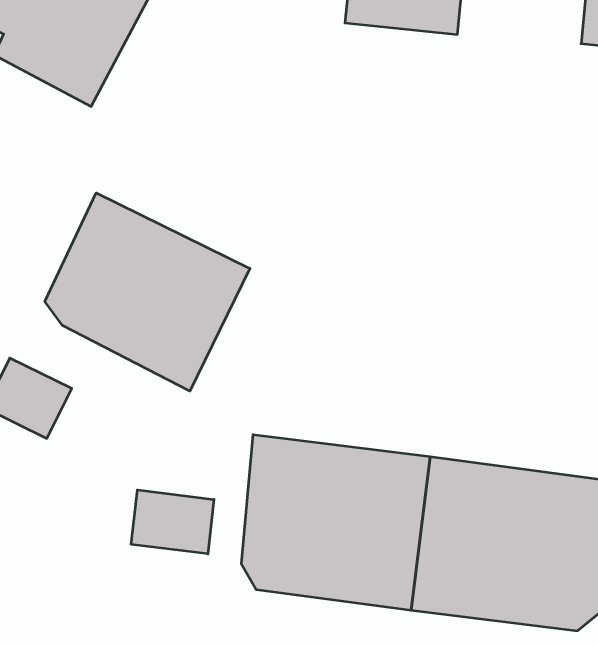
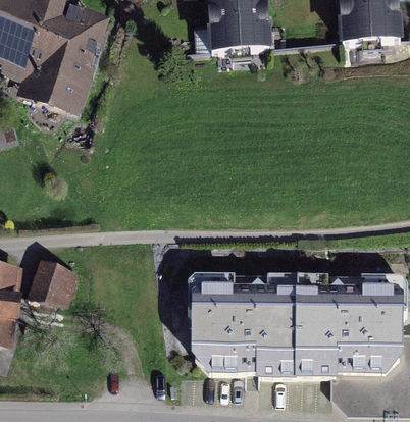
building: [45,193,250,391] -> none
building: [131,490,214,554] -> none

